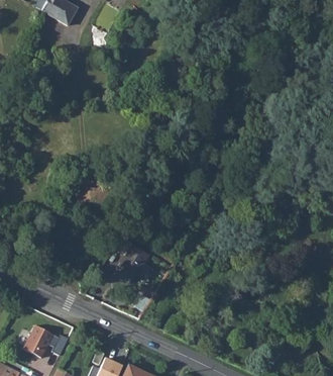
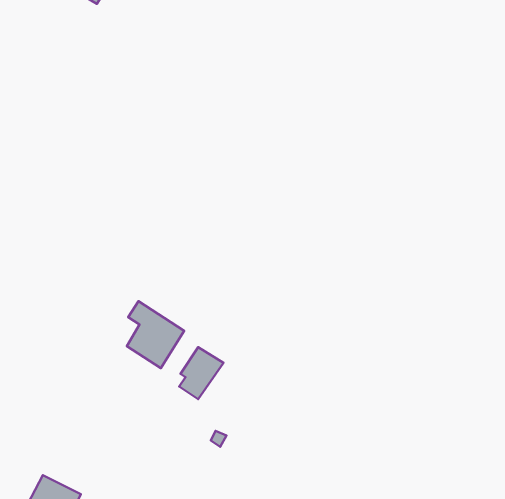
building: none -> [127,301,184,368]

